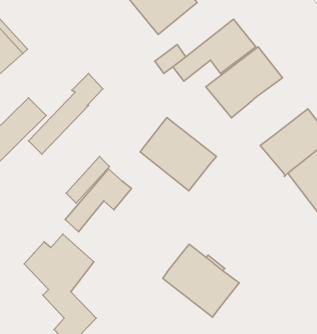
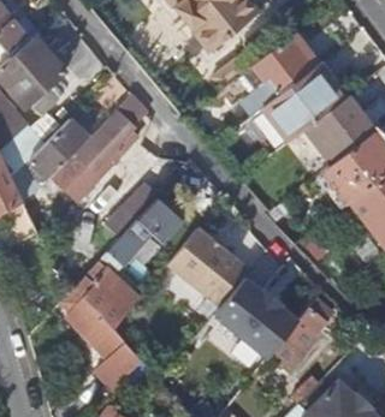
building: none -> [309,96,374,160]
building: [140,118,217,191] -> [168,228,251,308]
building: none -> [276,298,333,365]

